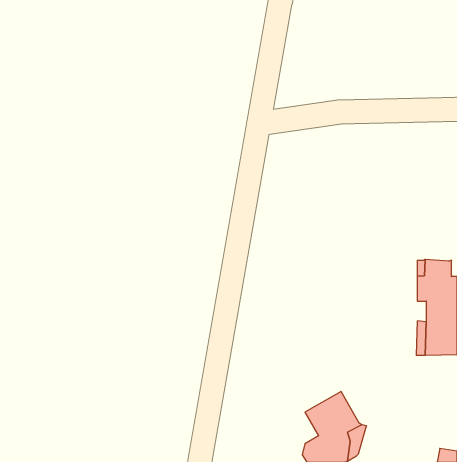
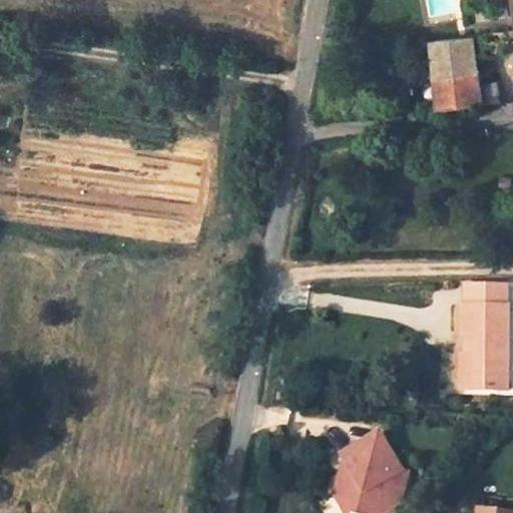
building: none -> [427,35,493,101]

